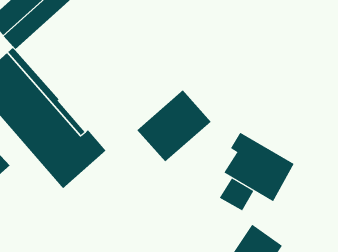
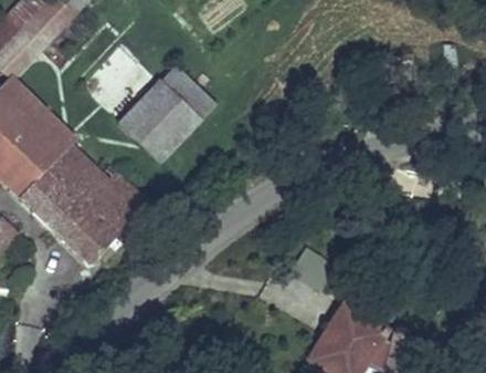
building: [136,90,211,162] -> [120,70,219,165]
building: [224,132,295,202] -> none

